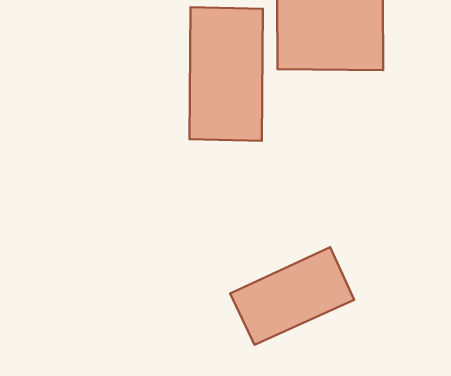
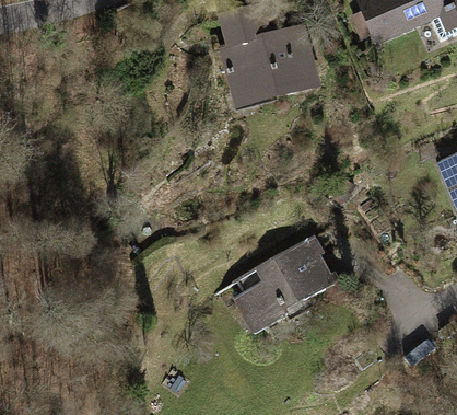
building: [190,7,263,141] -> none

